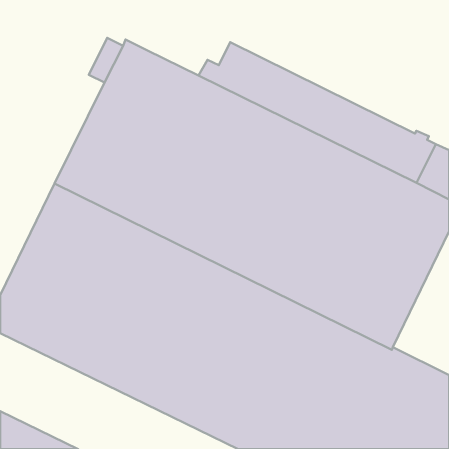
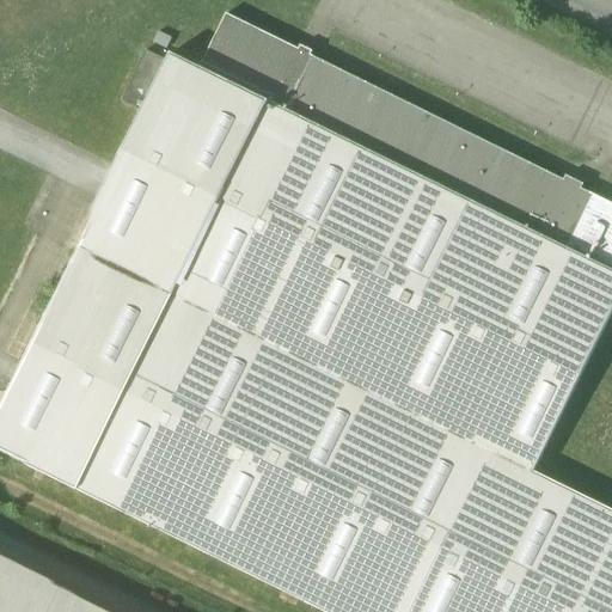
building: none -> [200,16,313,103]

